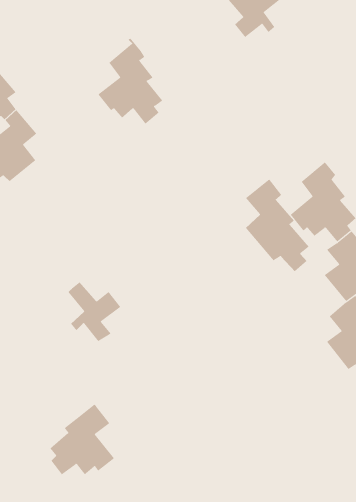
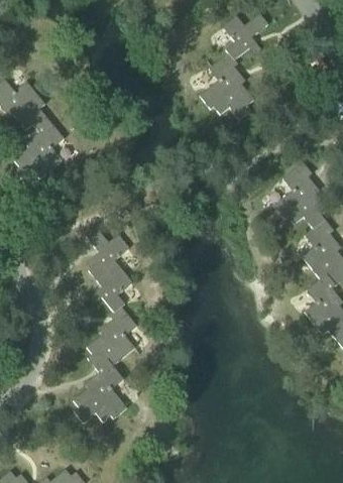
building: [98,37,163,125] -> [199,47,253,120]
building: [245,178,309,272] -> none
building: none -> [85,227,129,277]
building: none -> [86,307,136,372]

